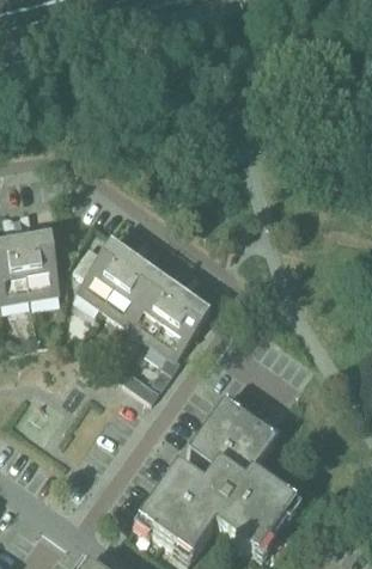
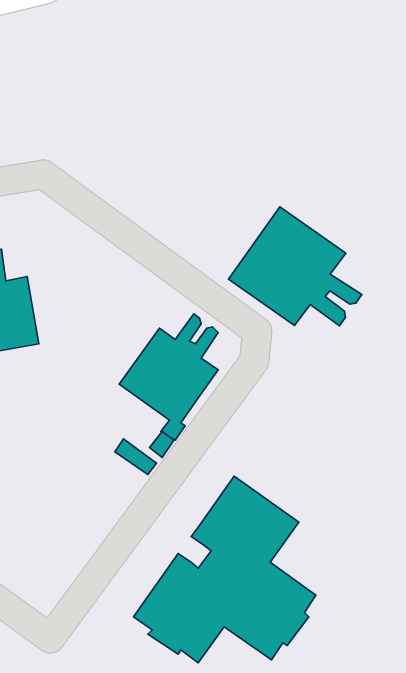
building: none -> [228,207,362,326]
building: [78,228,161,322] -> none

